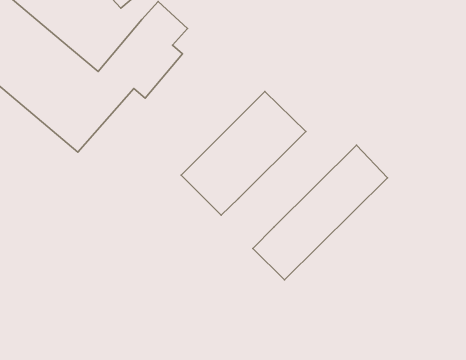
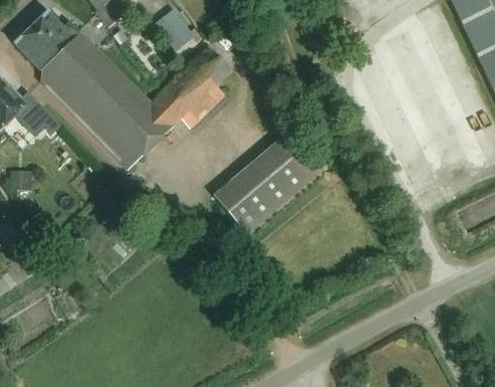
building: [253,145,387,280] -> none

